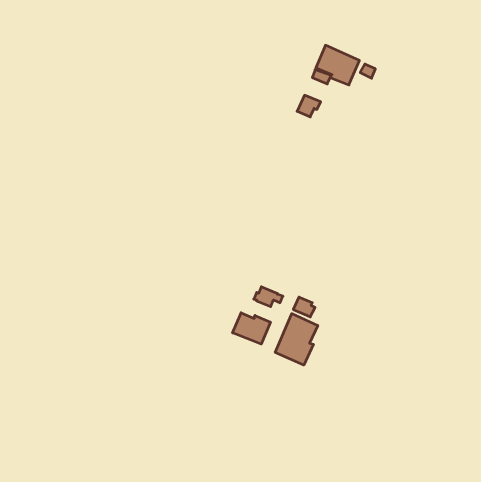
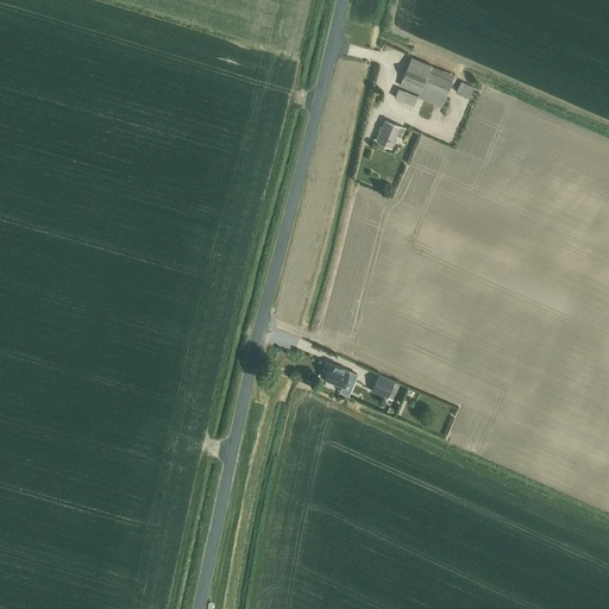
building: [233,313,270,344] -> none
building: [275,314,318,365] -> none

